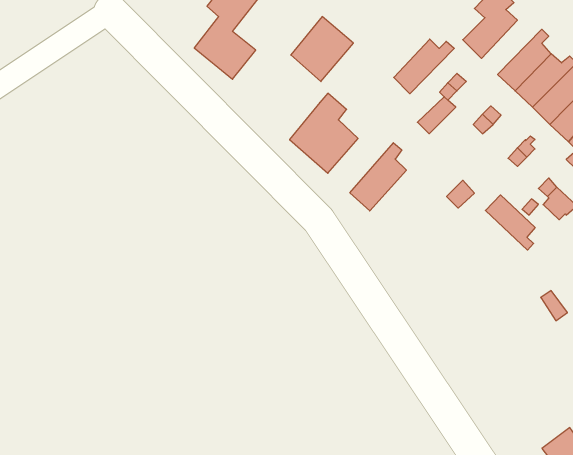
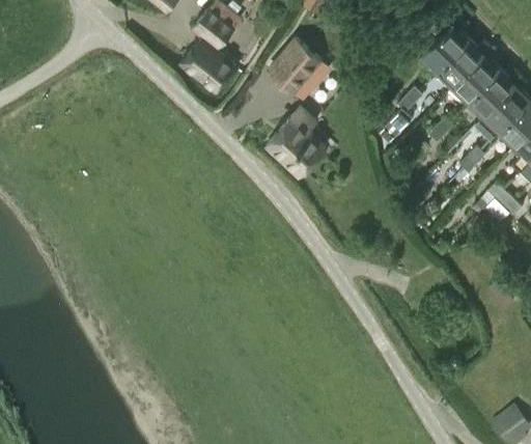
building: [394,39,454,94] -> [437,40,491,89]
building: [350,143,406,211] -> none
building: [485,195,535,250] -> none

